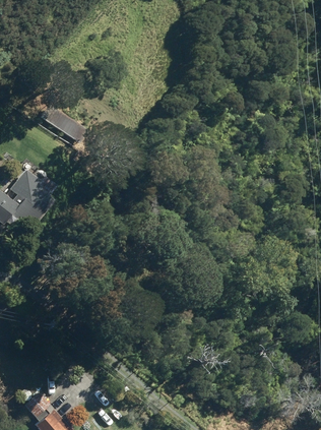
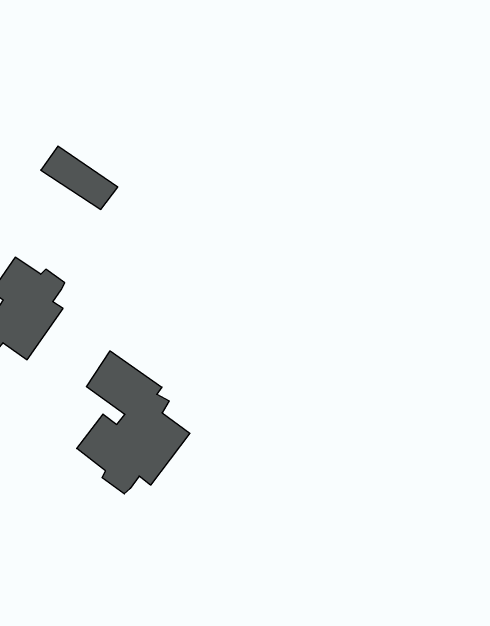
building: none -> [77,351,190,494]

